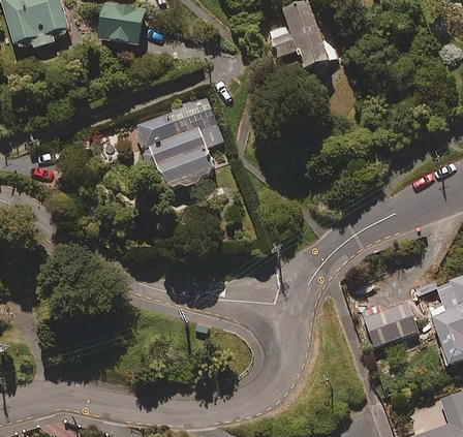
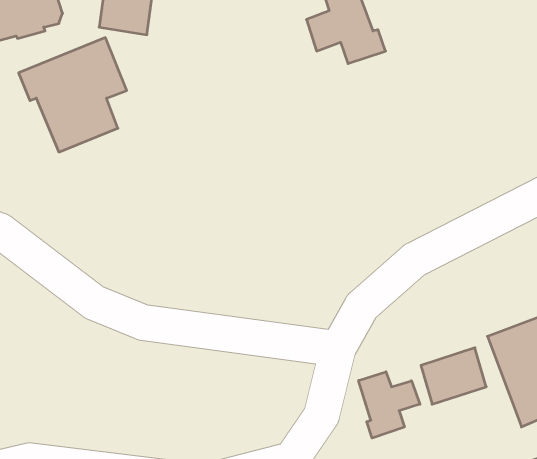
building: [135,98,224,192] -> [19,38,127,152]
building: none -> [359,372,420,438]

